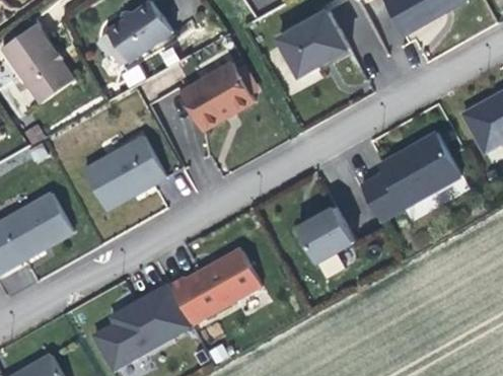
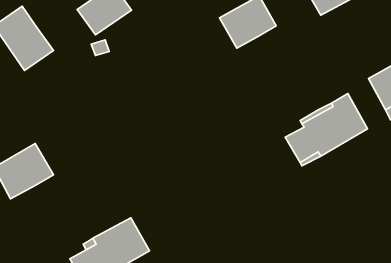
building: [181,63,255,131] -> none
building: [83,136,167,211] -> none
building: [298,207,354,262] -> none
building: [169,247,263,325] -> none

